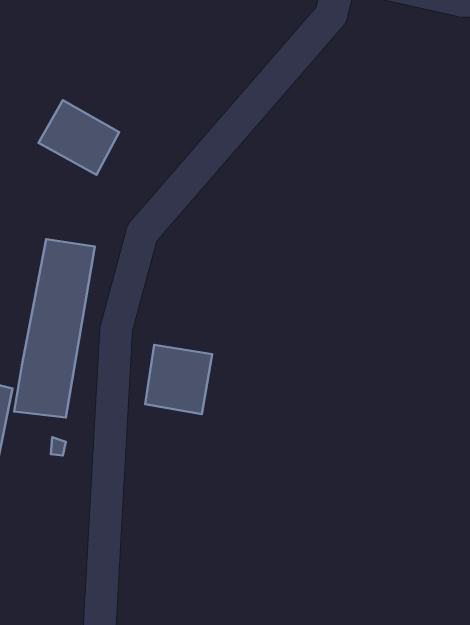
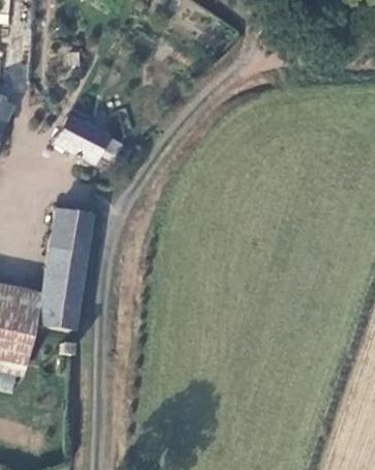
building: [145,345,212,414] -> none

